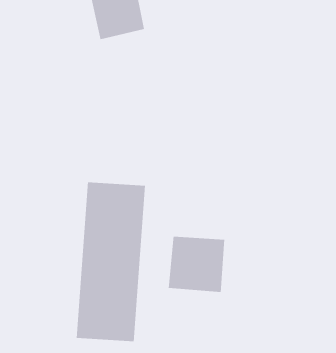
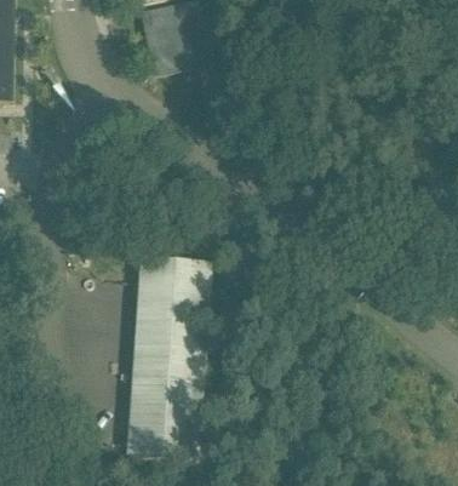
building: [168,236,225,293] -> none

